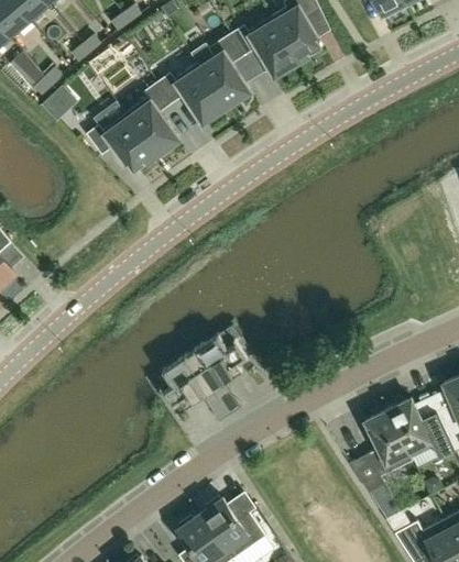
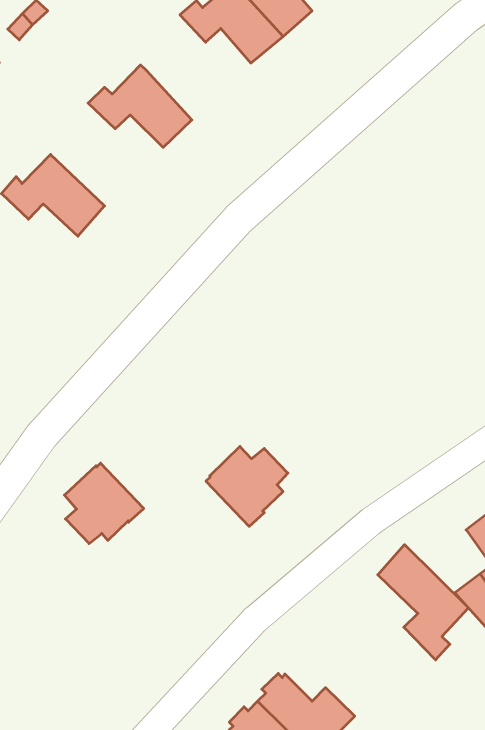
building: [201,33,250,107] -> none
building: [125,82,179,155] -> none
building: [162,356,217,410] -> [64,463,144,544]
building: none -> [378,545,469,660]

